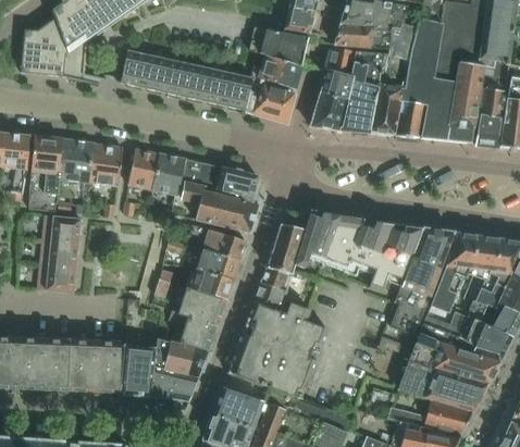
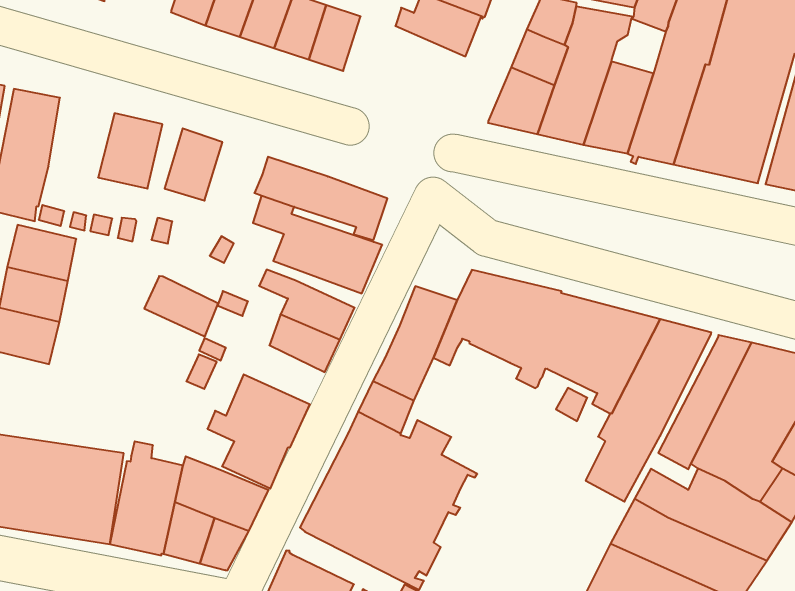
building: [224,72,252,110] -> none
building: [252,84,294,121] -> none
building: [61,138,95,182] -> none
building: [152,153,186,194] -> none
building: [190,268,233,299] -> [144,276,218,336]

